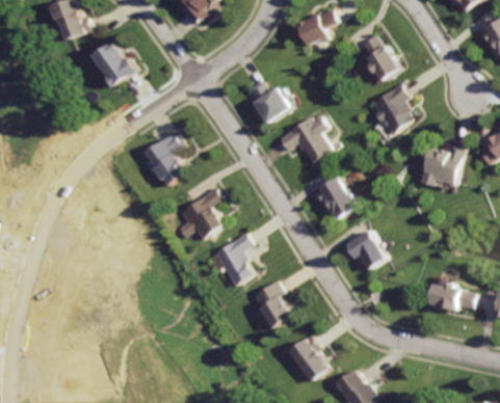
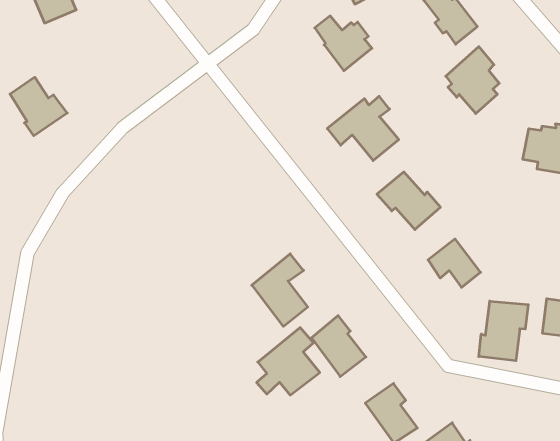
building: [93,44,135,88] -> [10,77,67,136]
building: [245,81,288,124] -> [315,16,372,71]
building: [141,133,184,186] -> none
building: [173,189,221,240] -> [257,328,320,395]
building: none -> [479,301,528,361]

